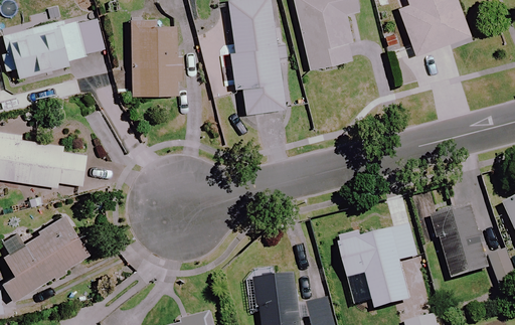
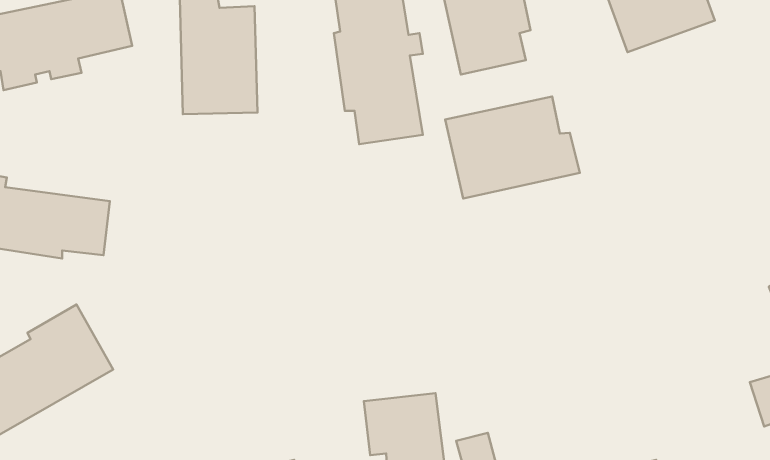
building: none -> [445,96,580,199]
building: [434,205,489,279] -> none
building: [337,224,418,309] -> none

